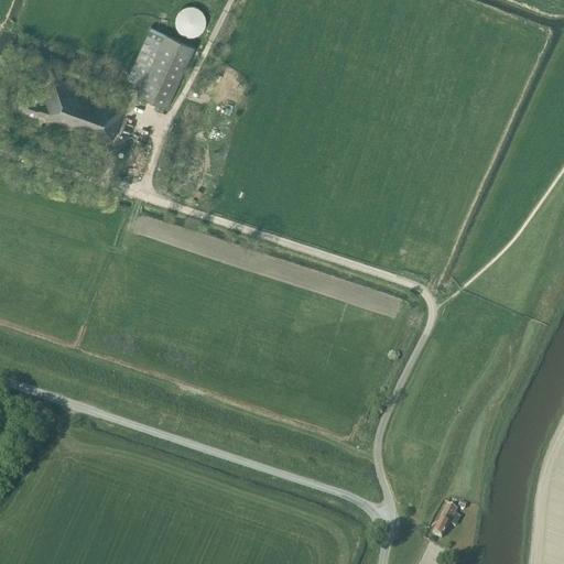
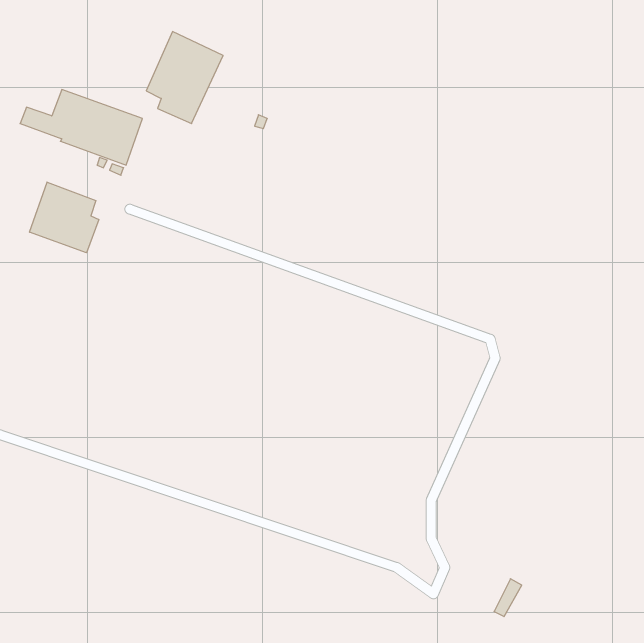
building: [176,8,206,37] -> none
building: none -> [30,182,99,253]

